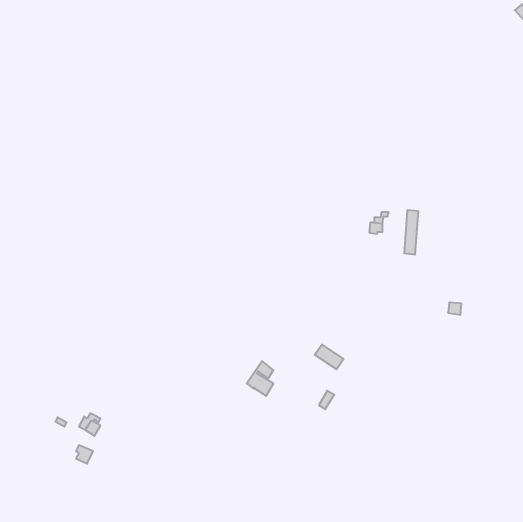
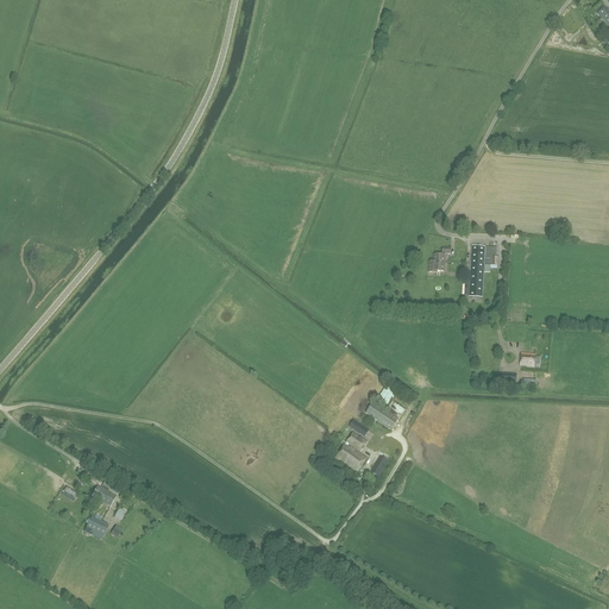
building: [247,361,273,396] -> [337,429,368,470]

